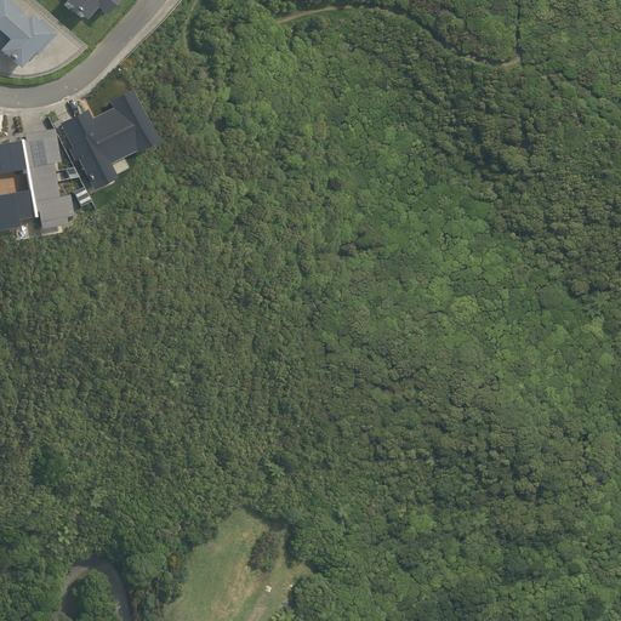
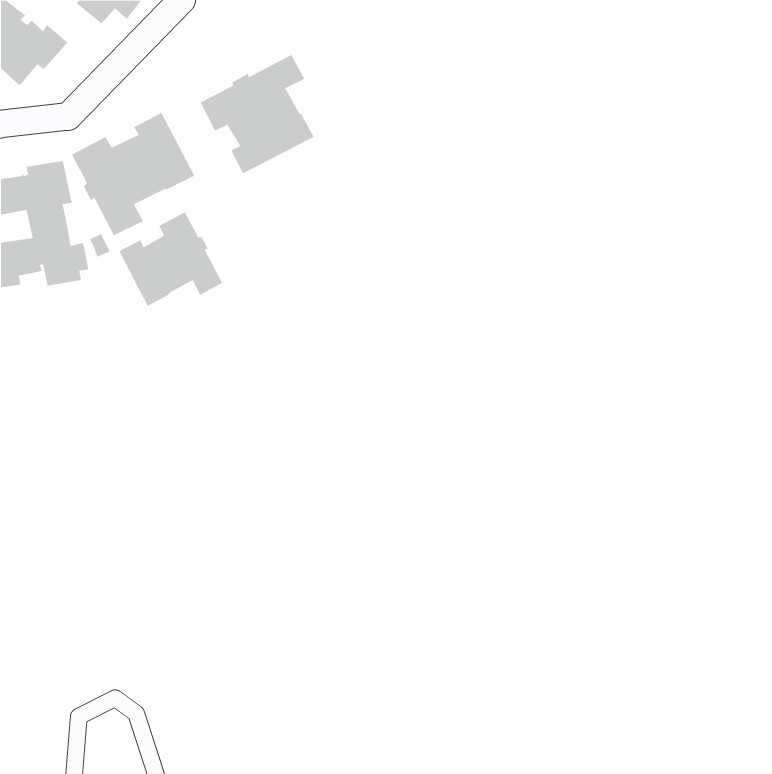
building: none -> [200,54,315,174]
building: none -> [118,212,223,307]

